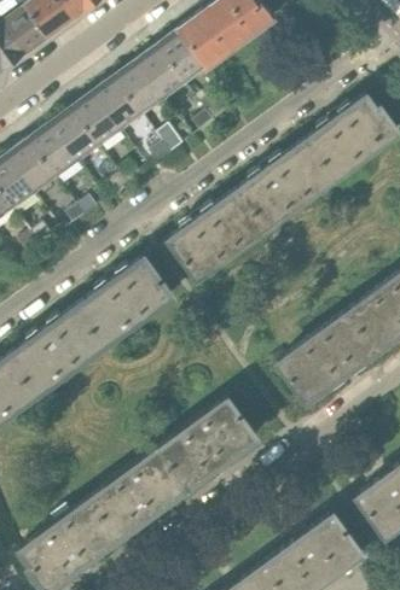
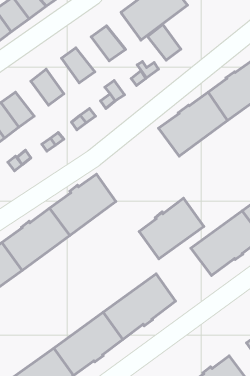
building: [158,31,205,82] -> [148,24,181,60]
building: [115,64,162,113] -> none
building: [73,94,120,145] -> none
building: [29,127,76,176] -> none
building: [169,193,261,279] -> [139,198,204,259]

